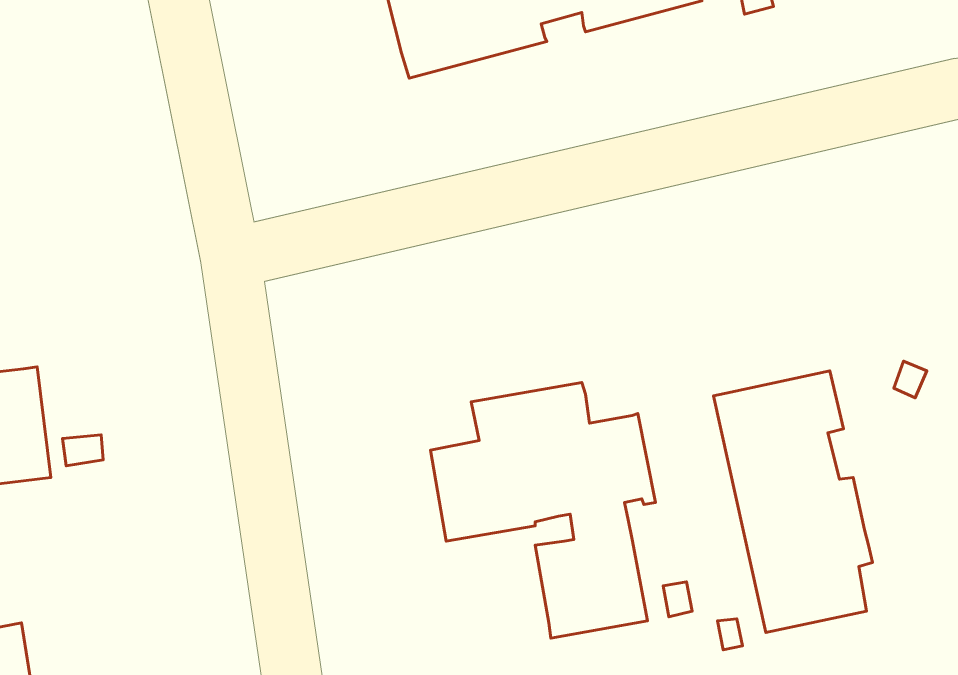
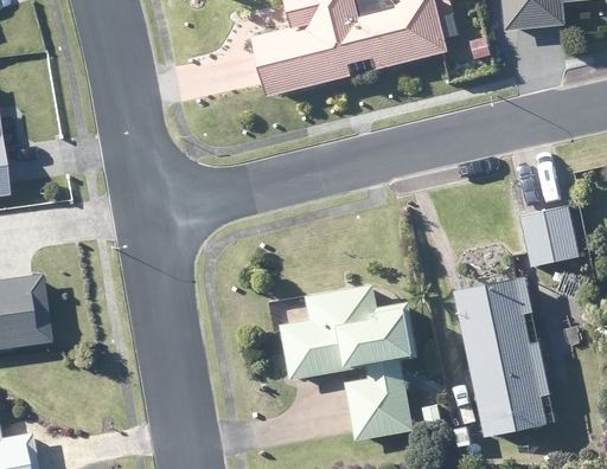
building: none -> [520,205,579,265]

